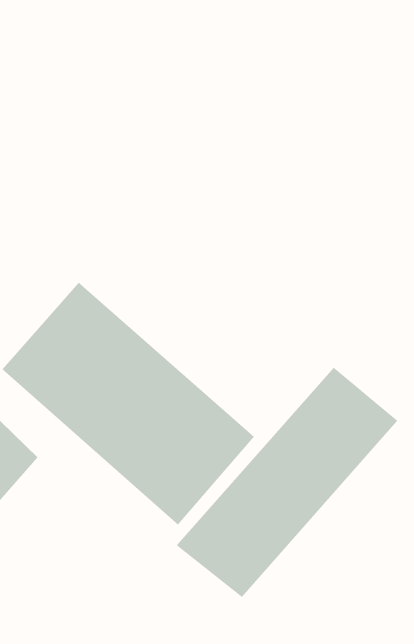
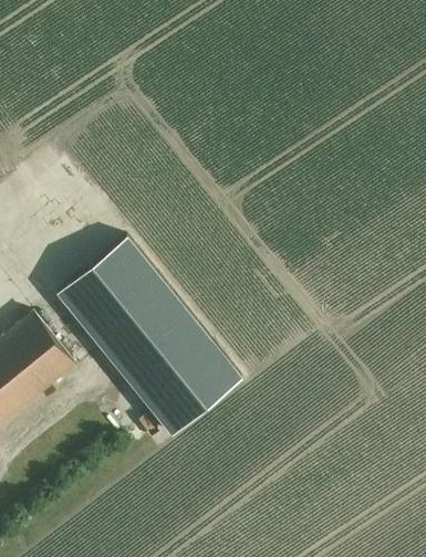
building: [176,367,398,598] -> none

